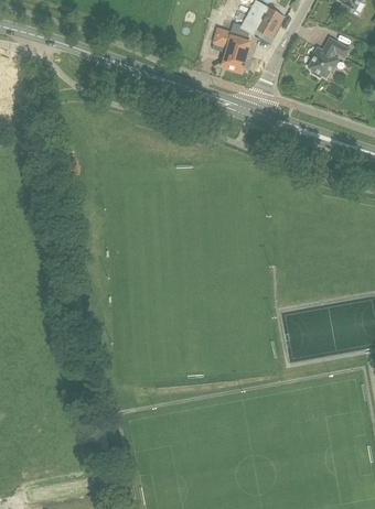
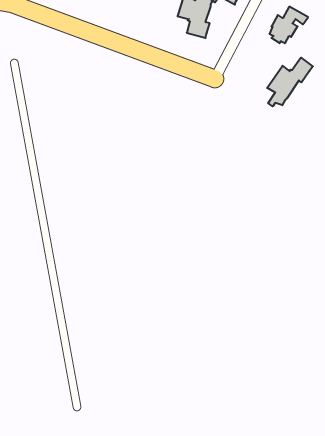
building: none -> [267,58,313,106]

